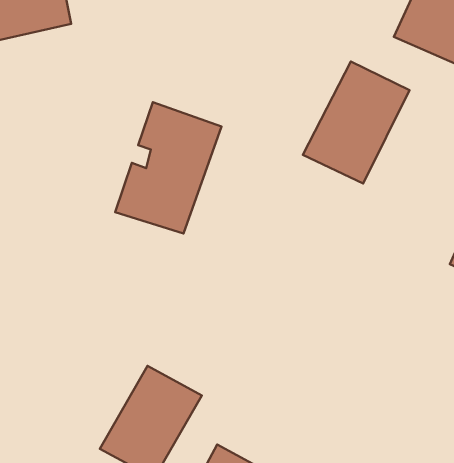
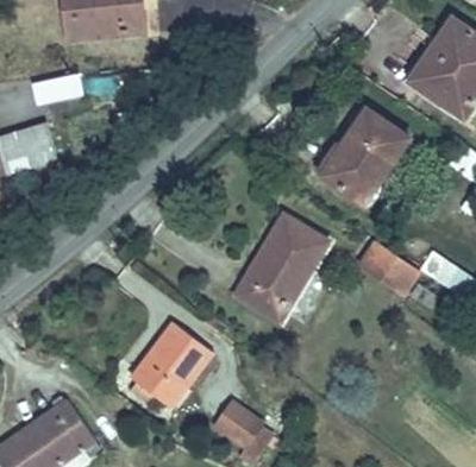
building: [115,102,222,234] -> [232,215,326,322]
building: none -> [356,242,418,296]

